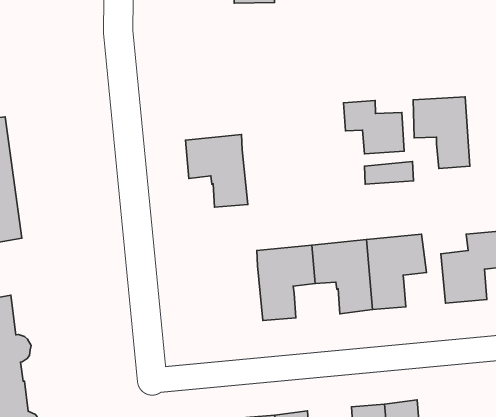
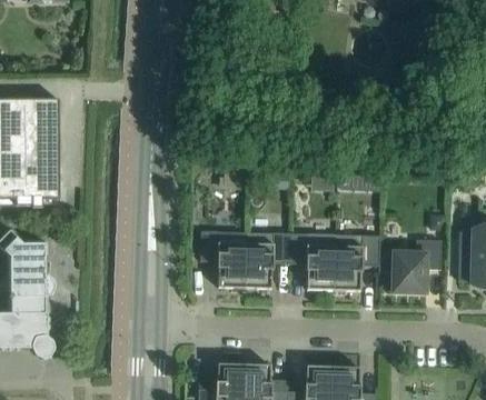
building: [413,97,470,168] -> none
building: [343,100,404,154] -> none
building: [185,134,248,207] -> [198,230,245,288]

